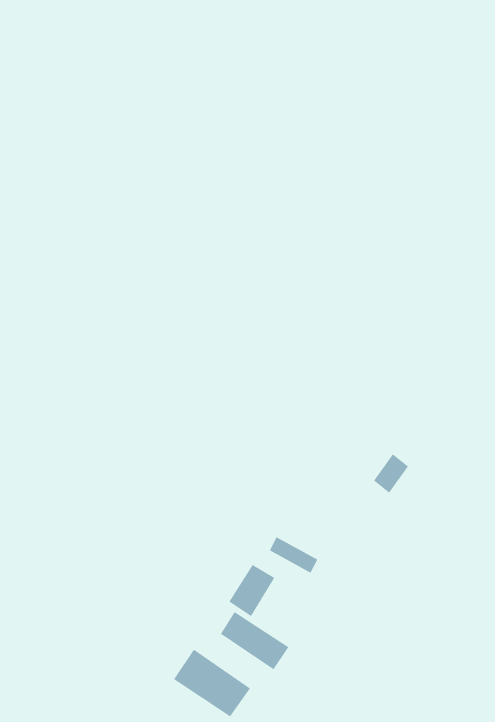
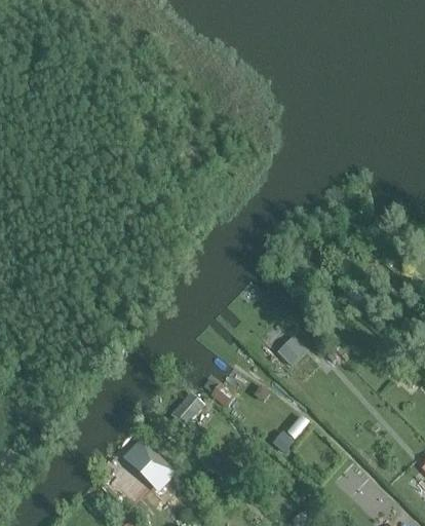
building: [220,611,289,670] -> none

